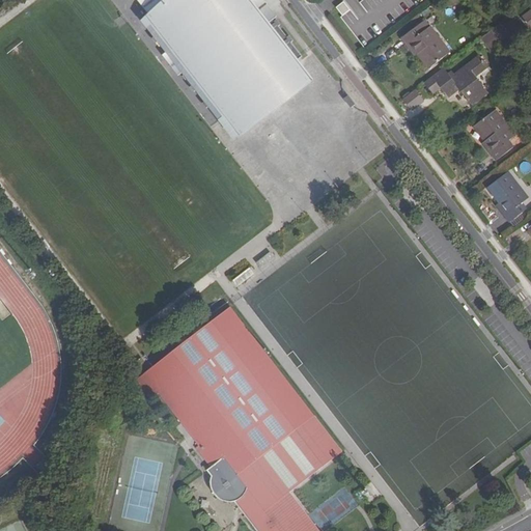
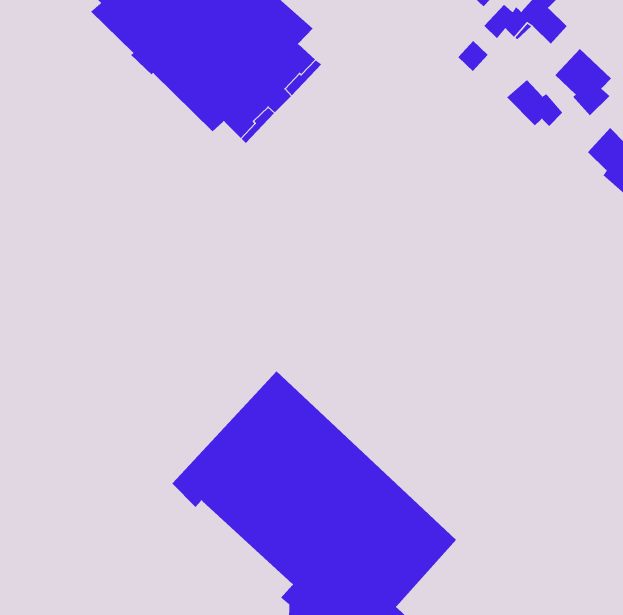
building: none -> [506,79,563,127]

